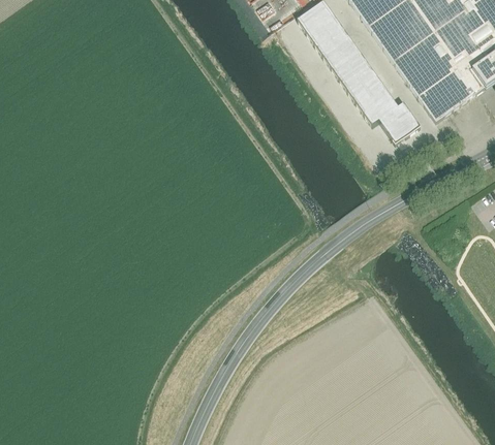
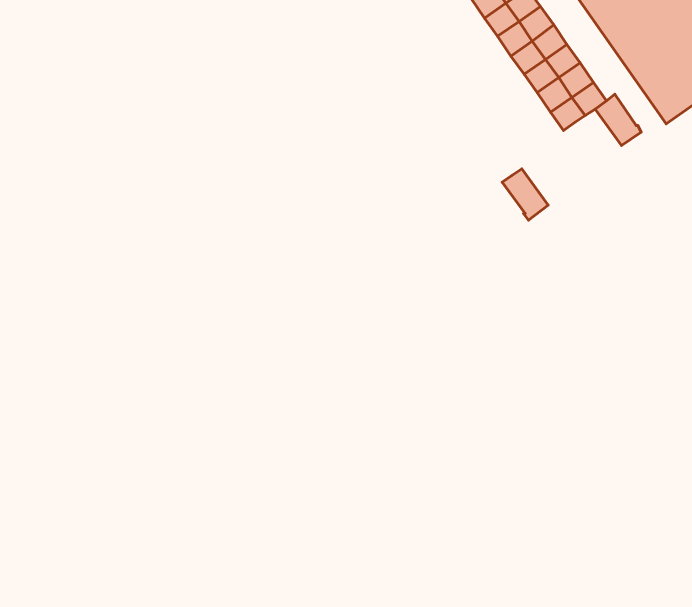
building: [378,109,407,141] -> [502,169,548,220]

